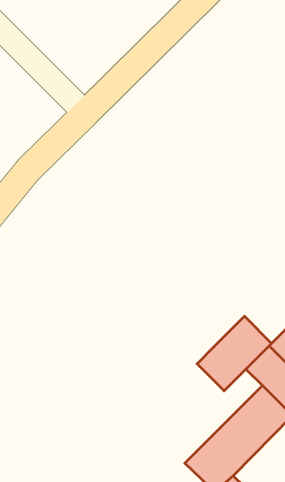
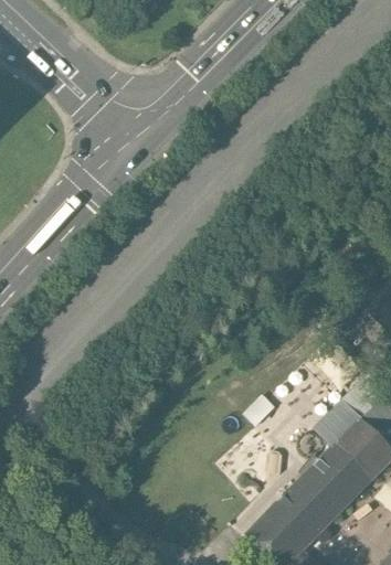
building: [197,316,272,391] -> none

